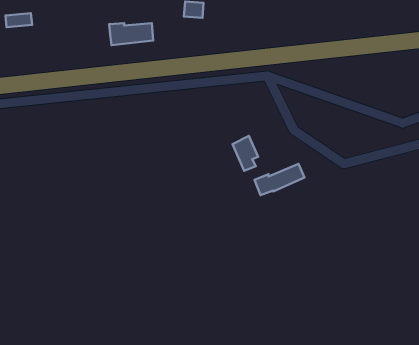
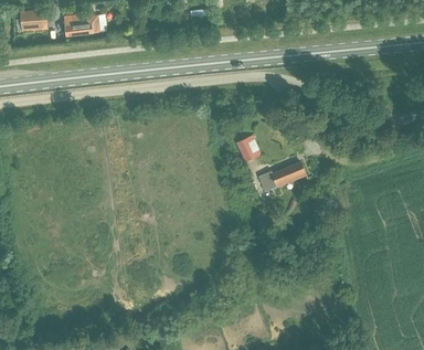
building: [109,23,153,45] -> [63,14,105,35]

